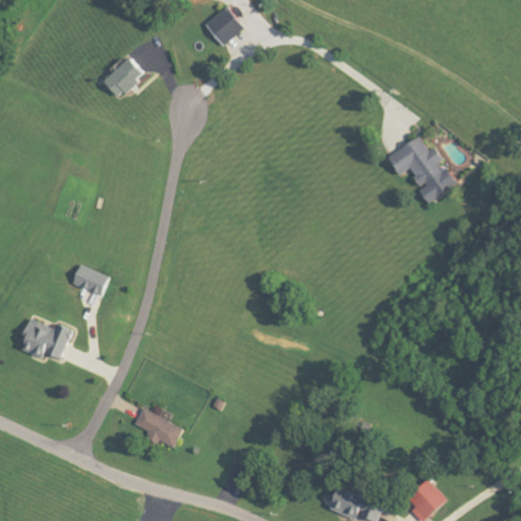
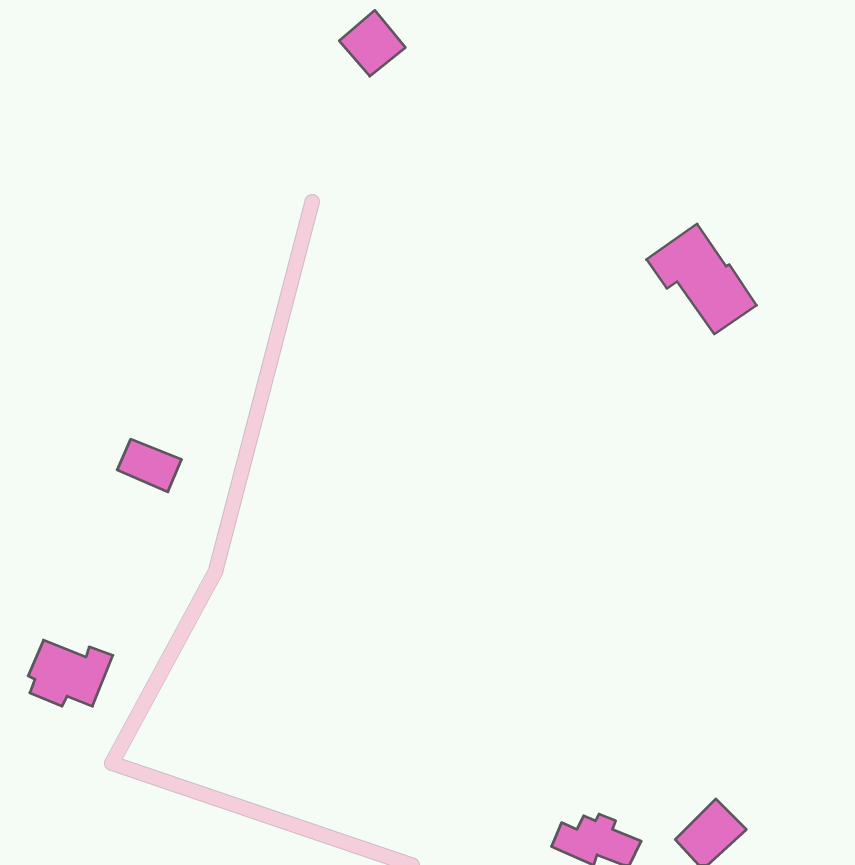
building: [103,58,144,99] -> none
building: [19,317,70,357] -> [28,640,113,706]
building: [133,407,182,448] -> none

